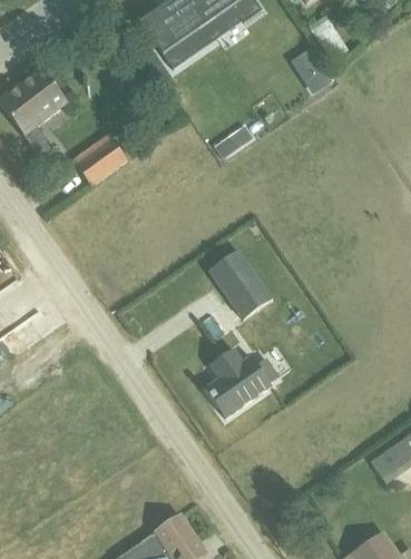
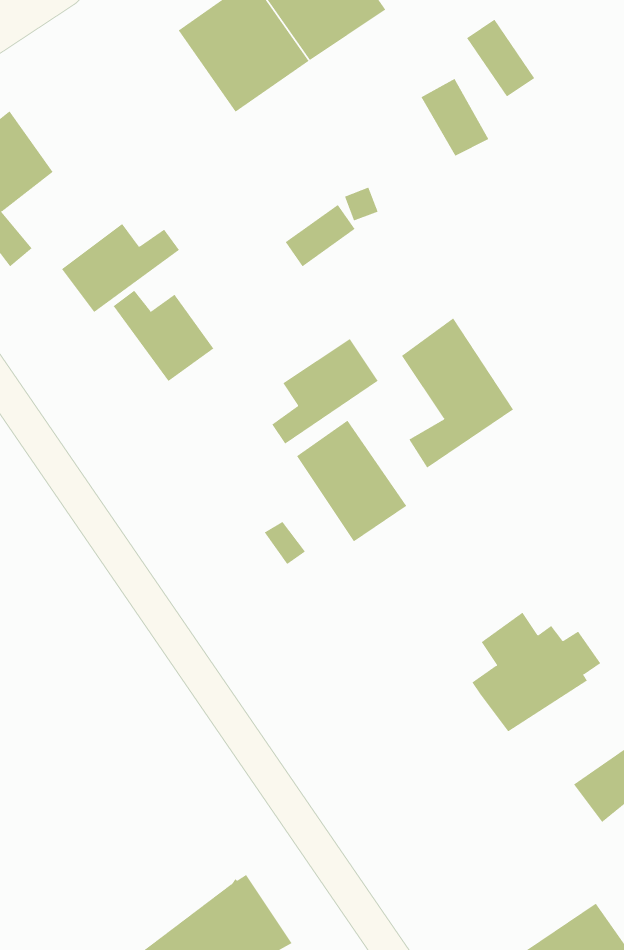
building: none -> [113,290,214,382]
building: none -> [401,317,514,469]
building: none -> [271,338,379,444]
building: [205,347,281,418] -> [471,612,601,732]

